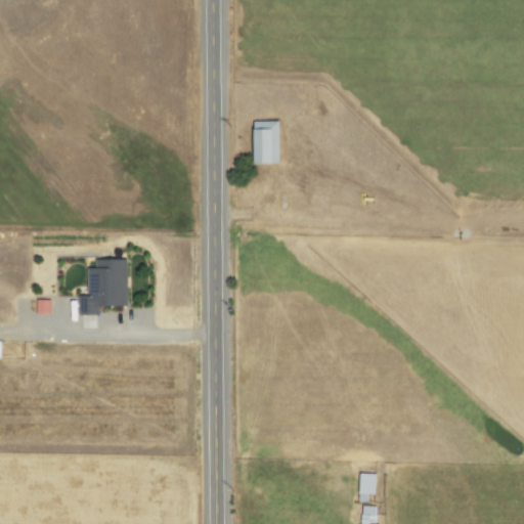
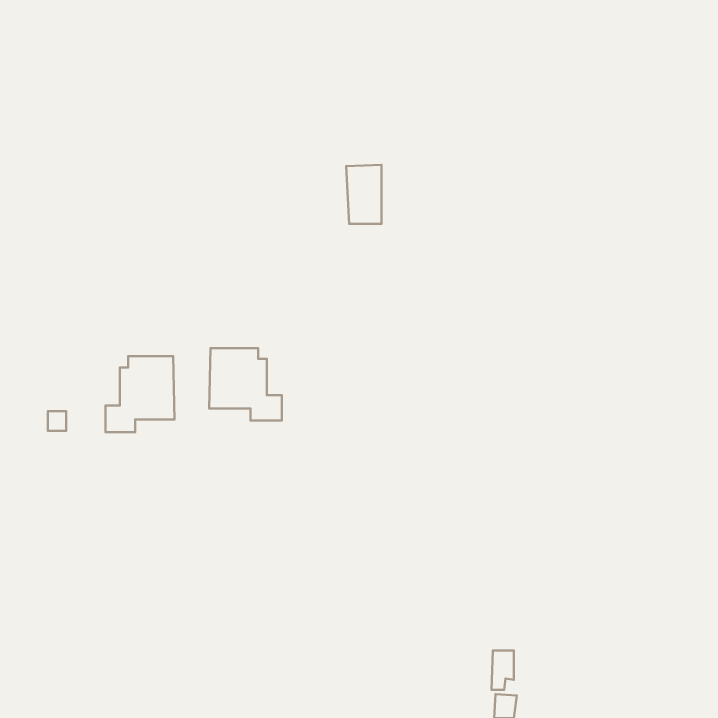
building: none -> [209,348,282,421]

